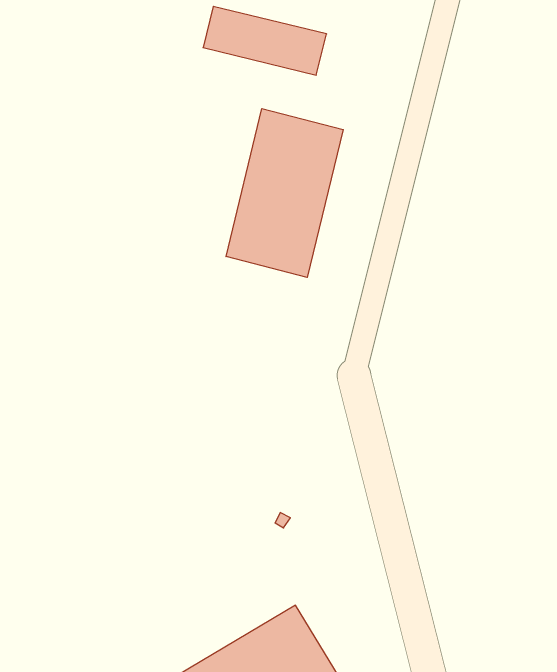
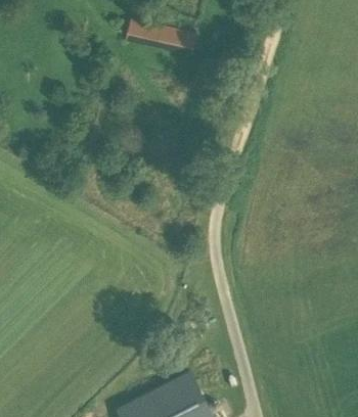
building: [226,109,343,277] -> none

